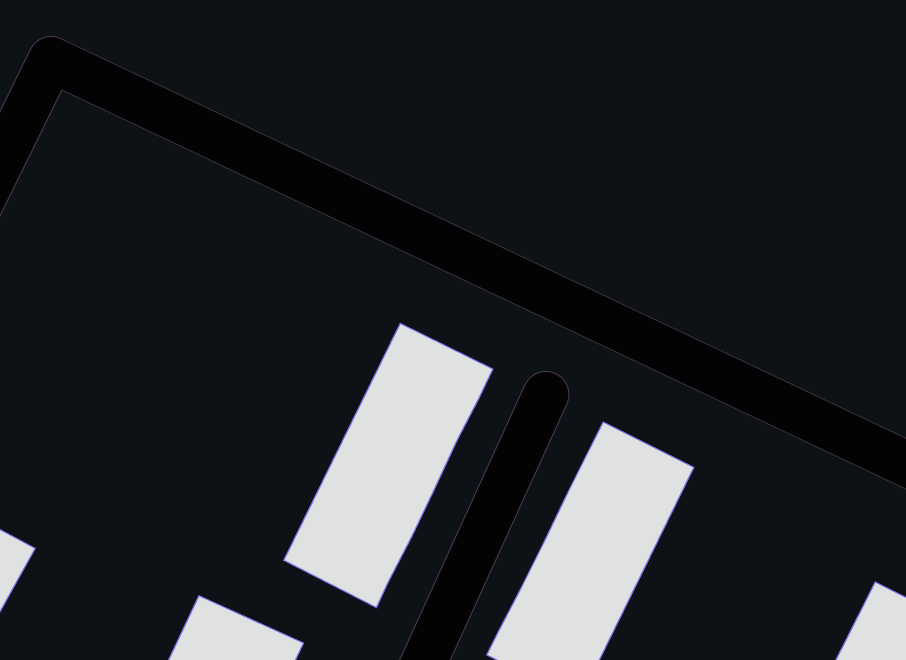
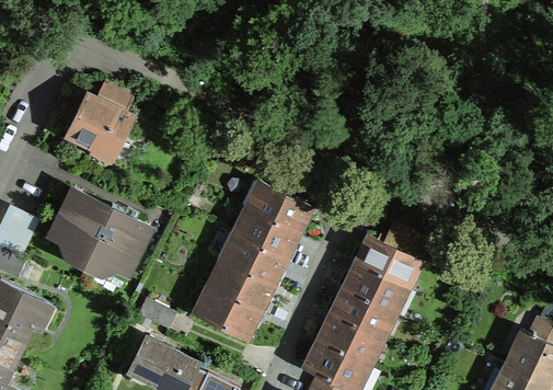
building: none -> [59,88,139,163]
building: none -> [47,186,158,279]

